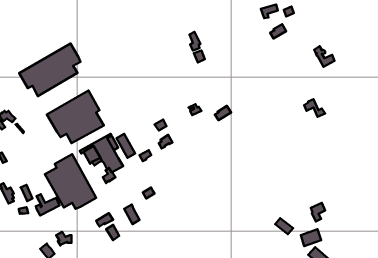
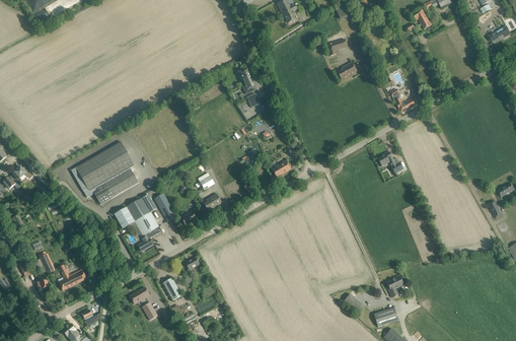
building: [19,44,80,96] -> none
building: [45,154,96,209] -> none

